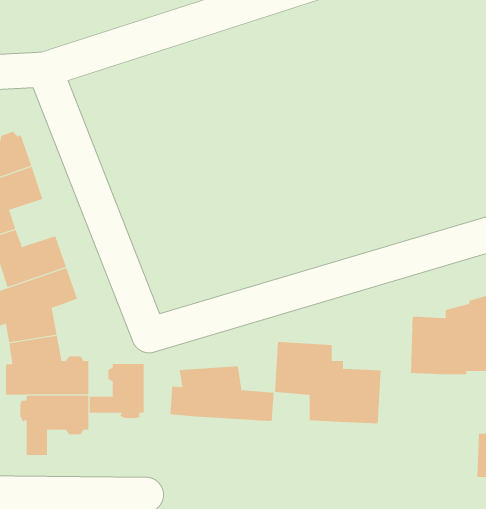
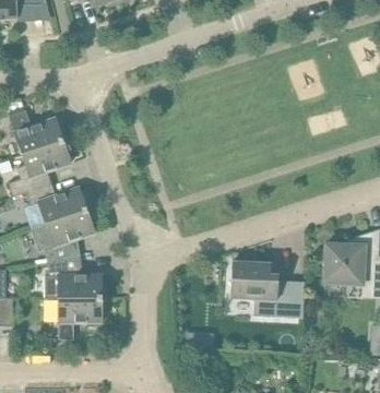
building: [89,363,144,419] -> none
building: [170,365,274,422] -> none

